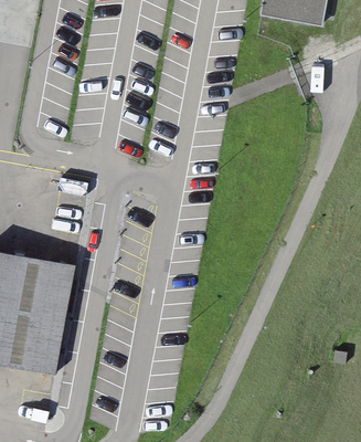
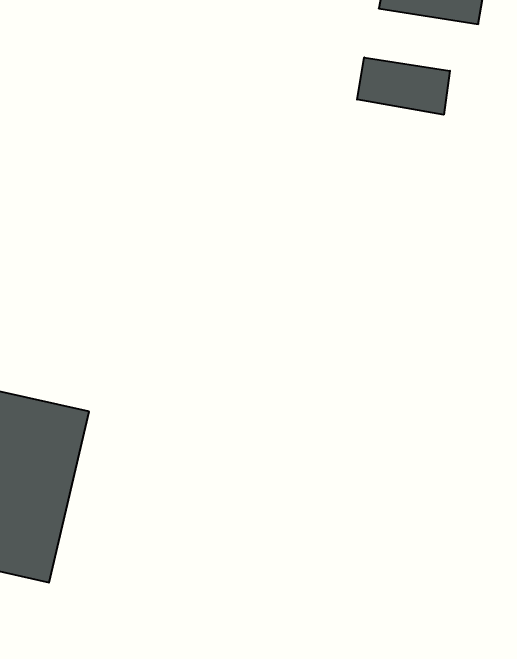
building: none -> [357,57,450,115]

